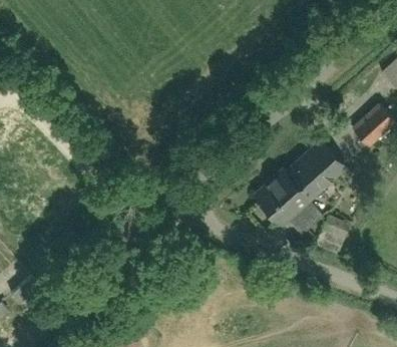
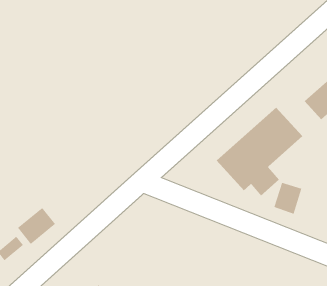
building: none -> [17,207,56,245]

